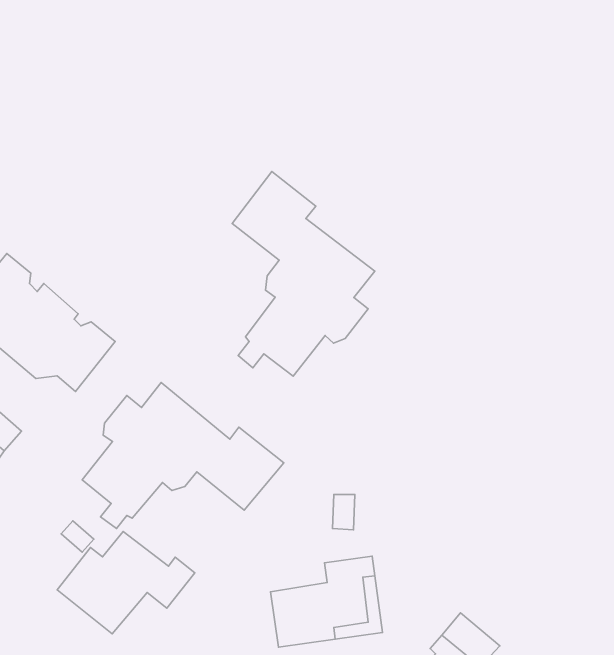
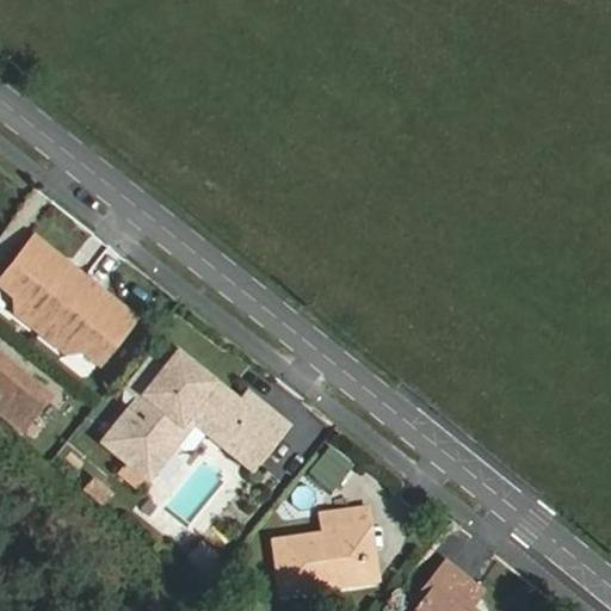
building: [232,171,375,376] -> none
building: [57,532,195,634] -> none

